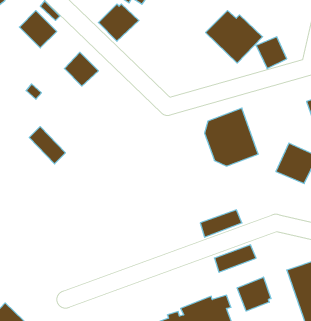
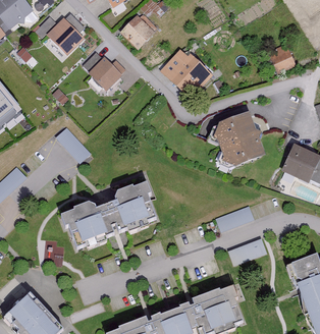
building: [206,11,263,63] -> [159,49,212,98]
building: none -> [64,181,159,248]
building: [237,277,271,311] -> none

